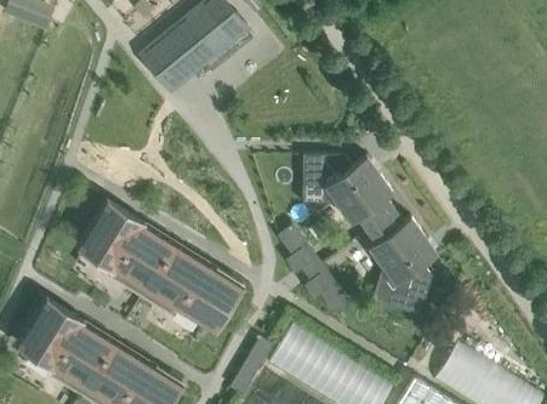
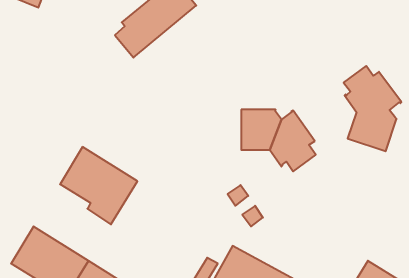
building: [367,211,439,317] -> [344,66,401,151]
building: [142,244,244,331] -> none

